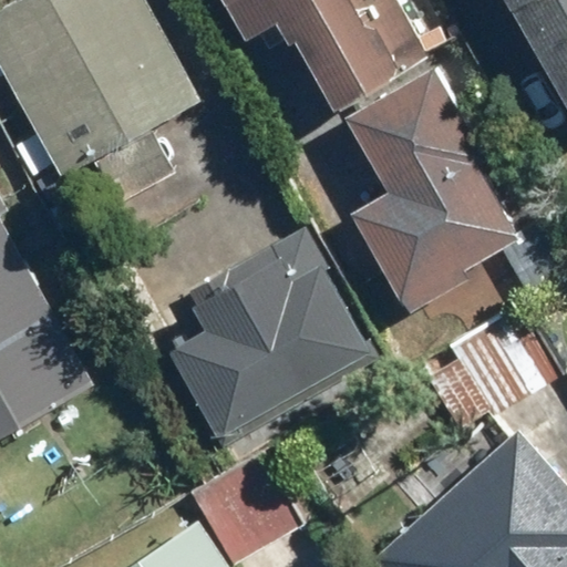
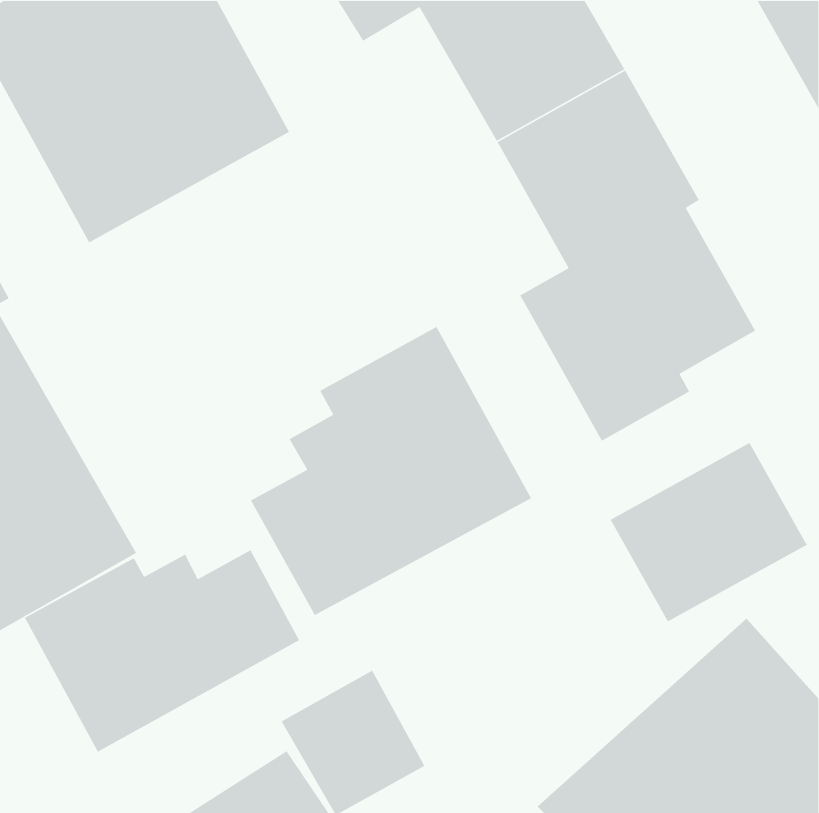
building: none -> [24,549,300,753]

